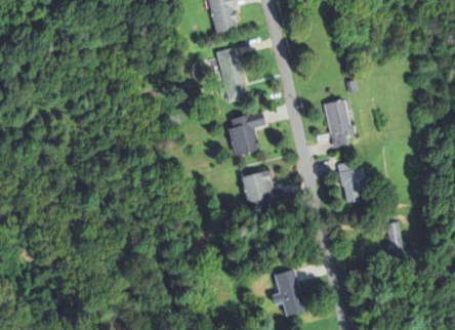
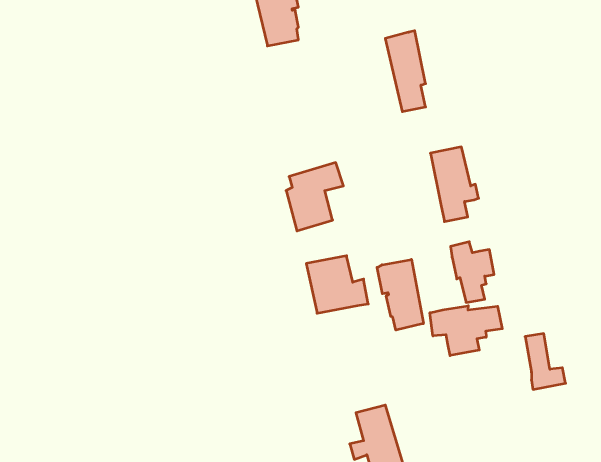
building: [217,47,244,100] -> [385,31,426,112]
building: none -> [377,259,423,330]
building: none -> [430,306,502,356]

